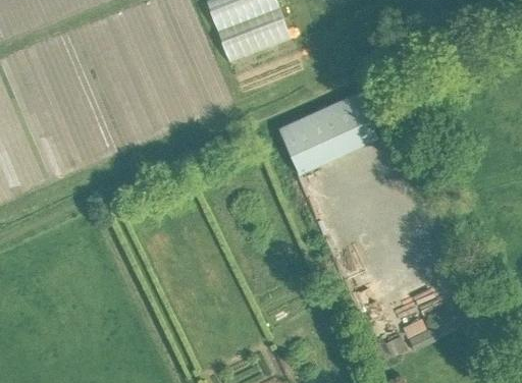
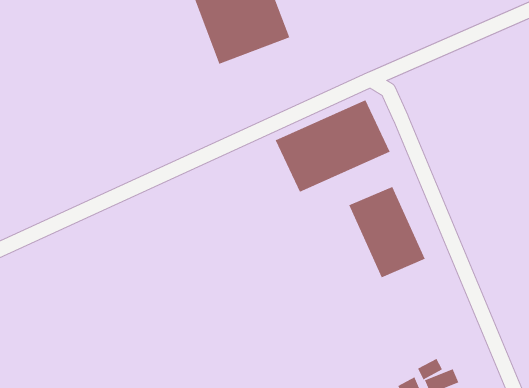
building: none -> [349,186,425,278]

